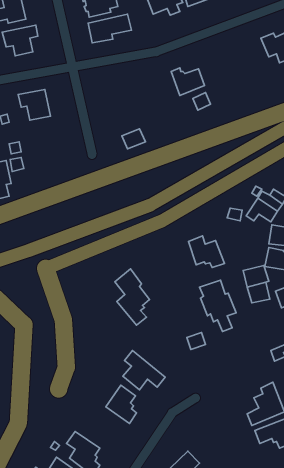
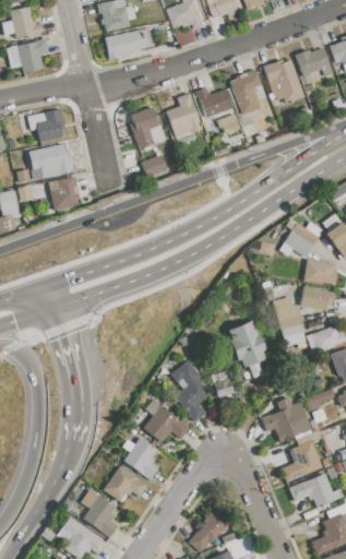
building: none -> [262,59,305,103]
building: none -> [230,68,262,115]
building: none -> [166,93,203,144]
building: none -> [130,107,167,151]
building: none -> [29,143,74,180]
building: none -> [48,177,79,215]
building: [188,236,224,267] -> none
building: [115,269,149,325] -> [171,359,210,421]
building: none -> [261,402,311,441]
building: none -> [103,465,147,502]

